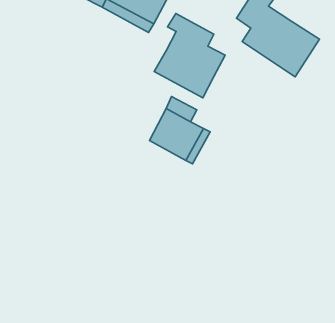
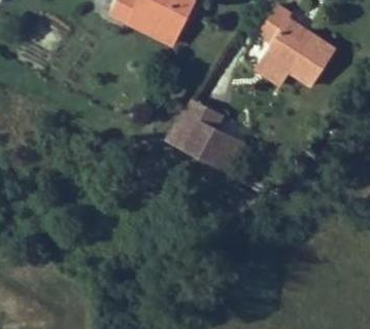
building: [154,13,225,98] -> none

